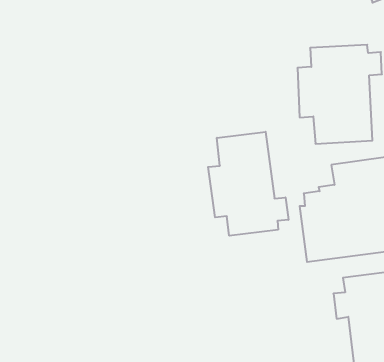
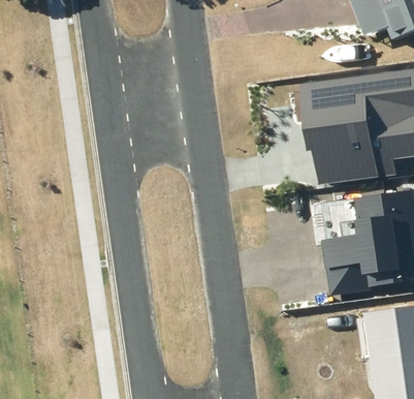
building: [208,132,288,236] -> none

